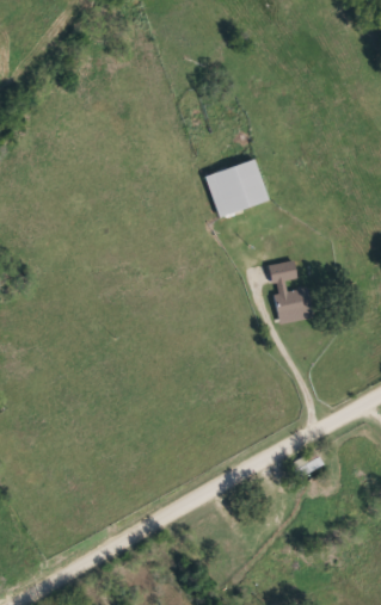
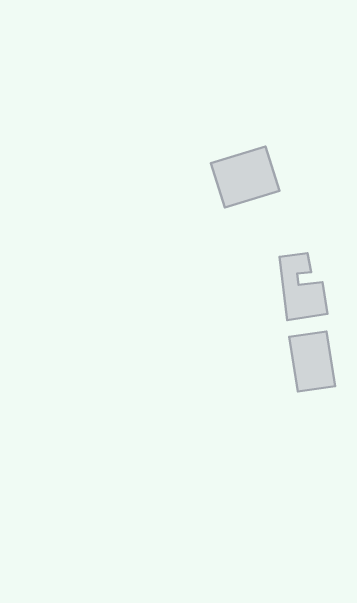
building: none -> [289,331,335,392]

